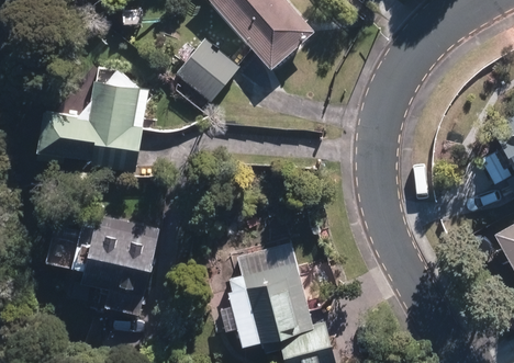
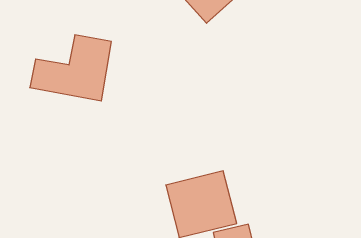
building: [178,41,234,98] -> none
building: [77,214,155,308] -> none

